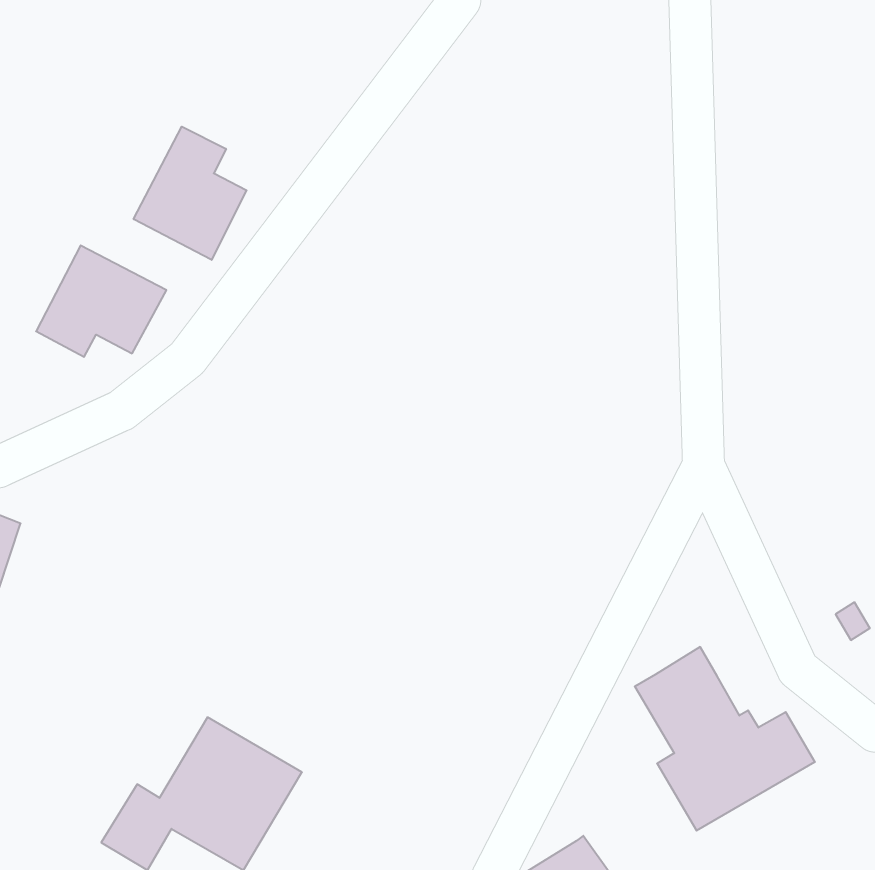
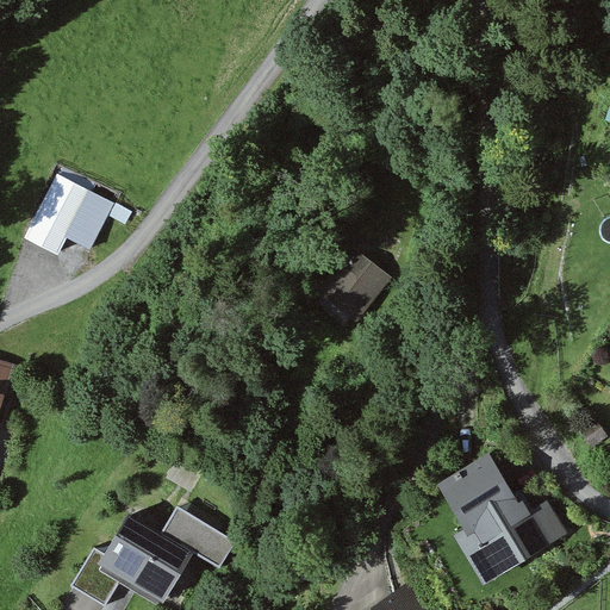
building: [134,127,247,260] -> none
building: none -> [313,255,384,329]

